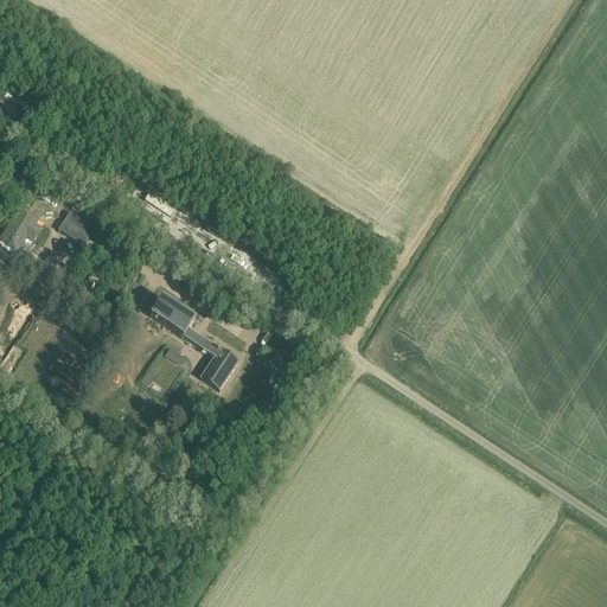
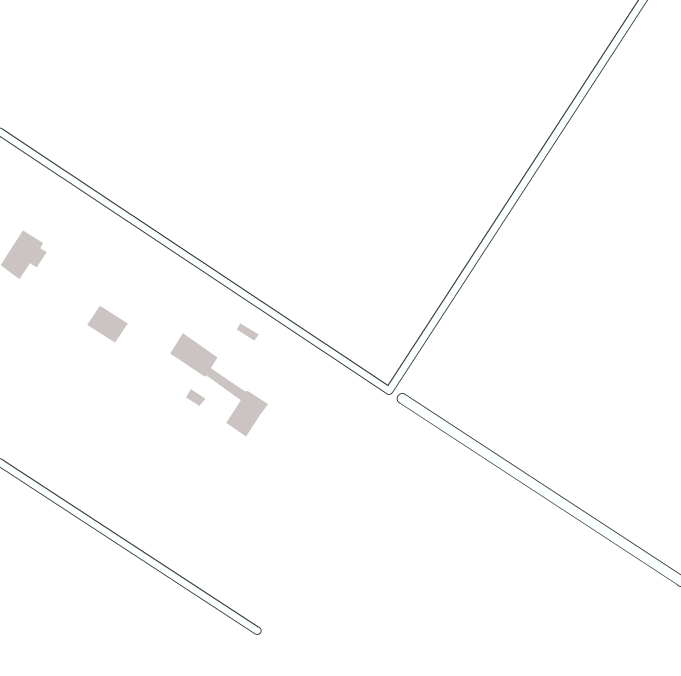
building: [58,210,96,244] -> [86,305,129,344]

